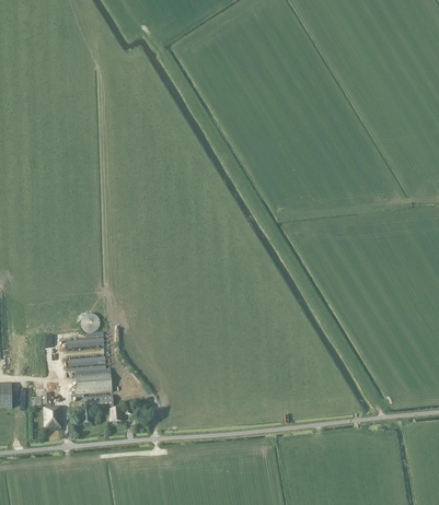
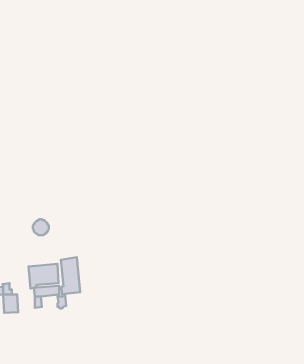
building: none -> [61,257,80,294]

